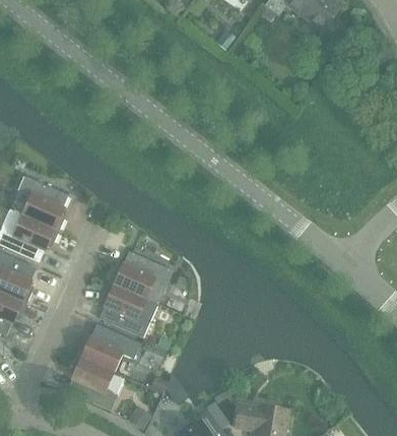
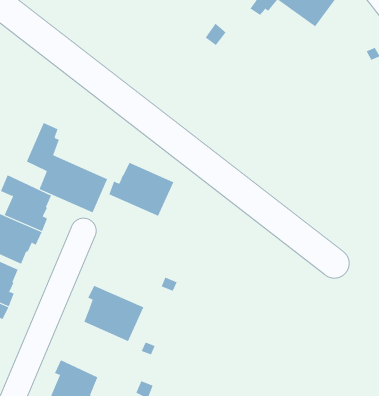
building: none -> [26,122,108,213]
building: [109,250,173,303] -> [108,162,174,216]
building: [76,323,140,371] -> none

